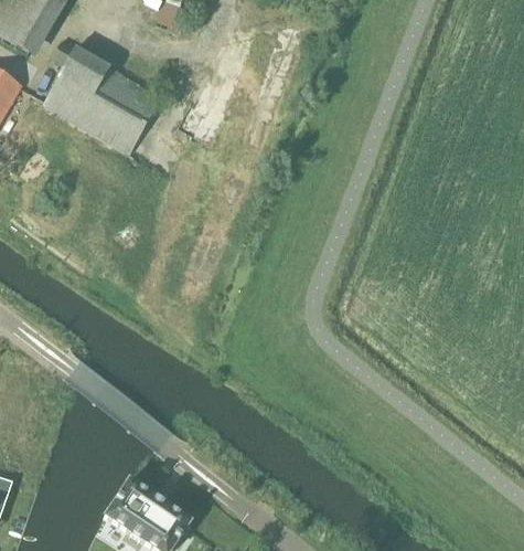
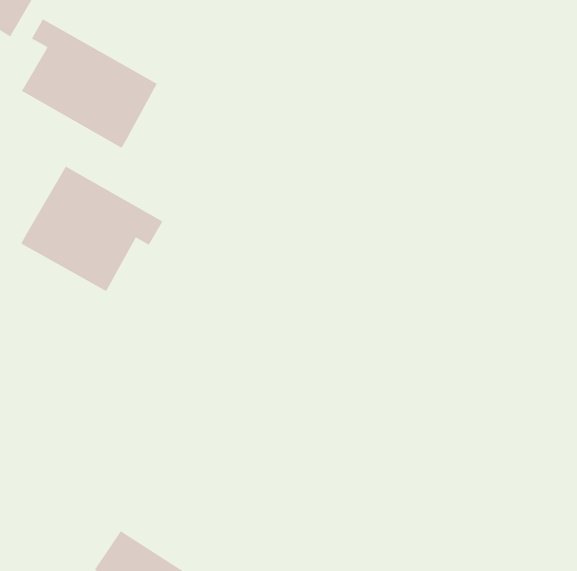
building: none -> [20,166,163,292]

